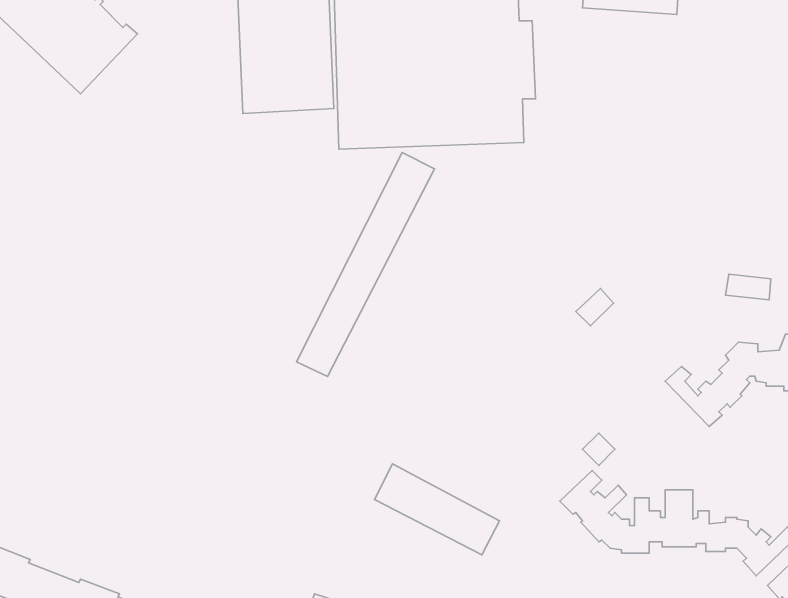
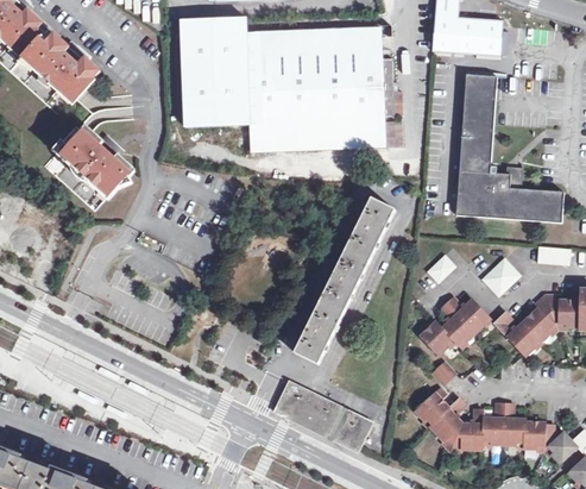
building: none -> [454,73,562,221]
building: none -> [46,119,136,207]
building: [297,153,435,377] -> [294,199,395,363]
building: none -> [480,258,519,297]
building: none -> [422,297,486,355]

